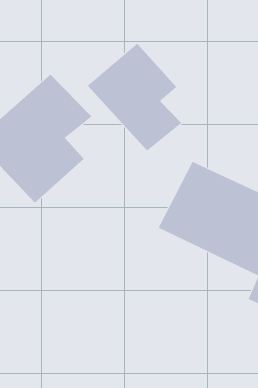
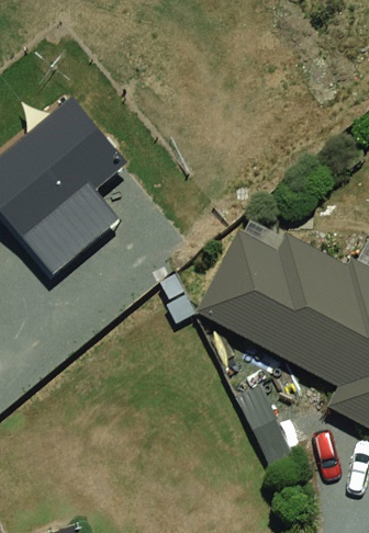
building: [87,43,182,151] -> none

